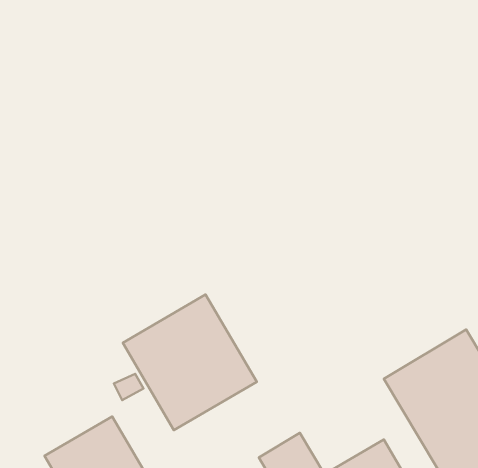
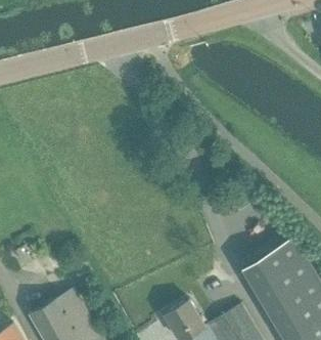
building: [123,294,257,430] -> none

